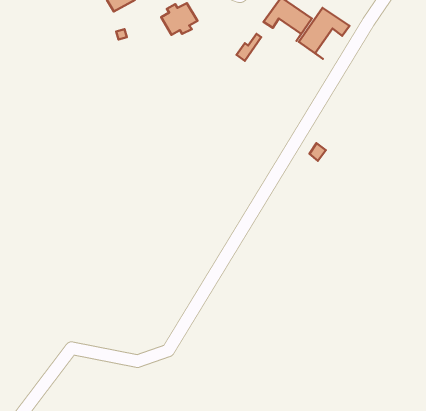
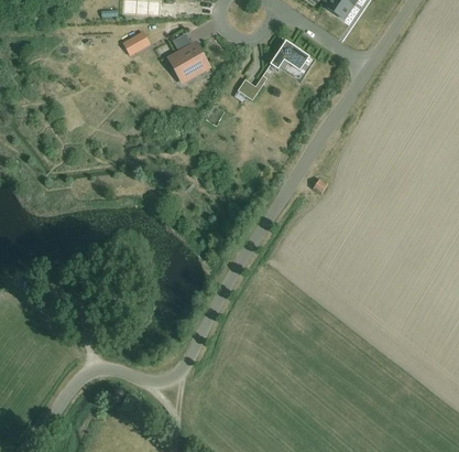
building: [299,8,350,59] -> none

